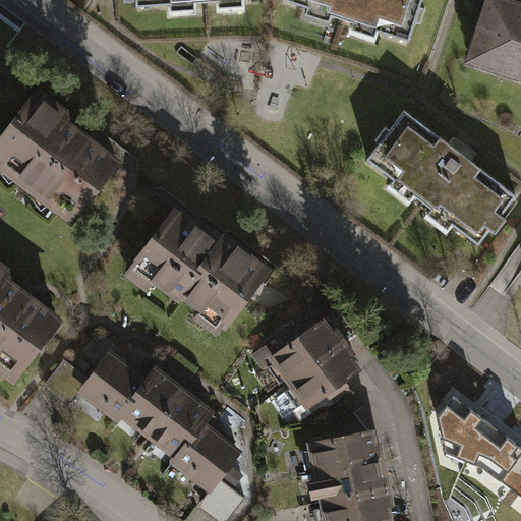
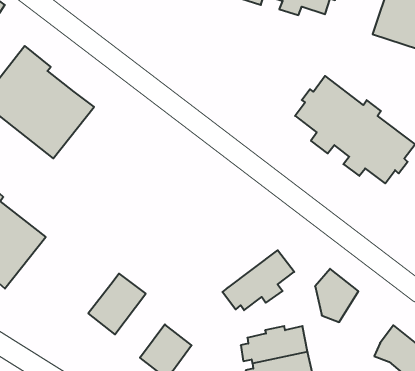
building: [126,205,271,336] -> none
building: [248,307,346,378] -> none
building: [42,348,142,413] -> none
building: [148,385,218,459] -> none
building: [435,396,487,461] -> [315,269,358,322]

